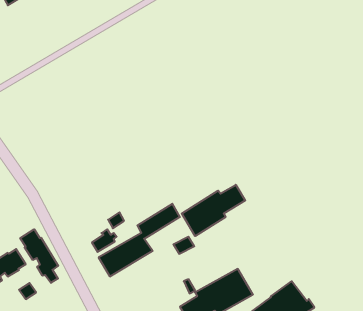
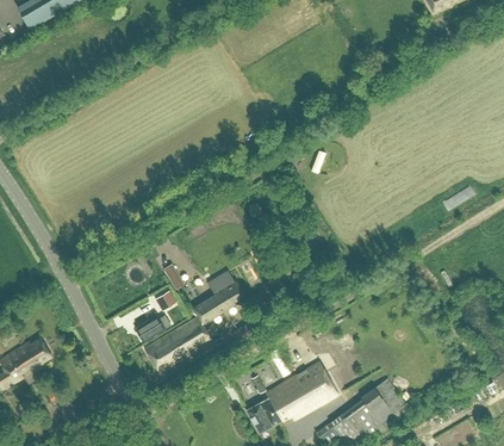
building: [182,185,245,236] -> none
building: [20,229,58,283] -> none

